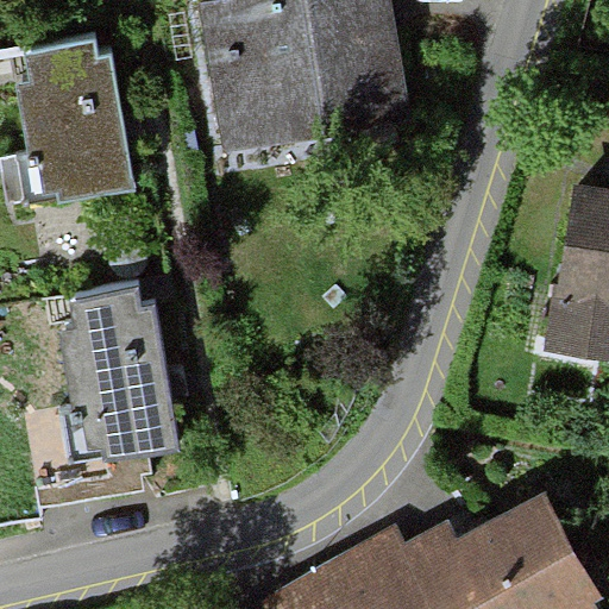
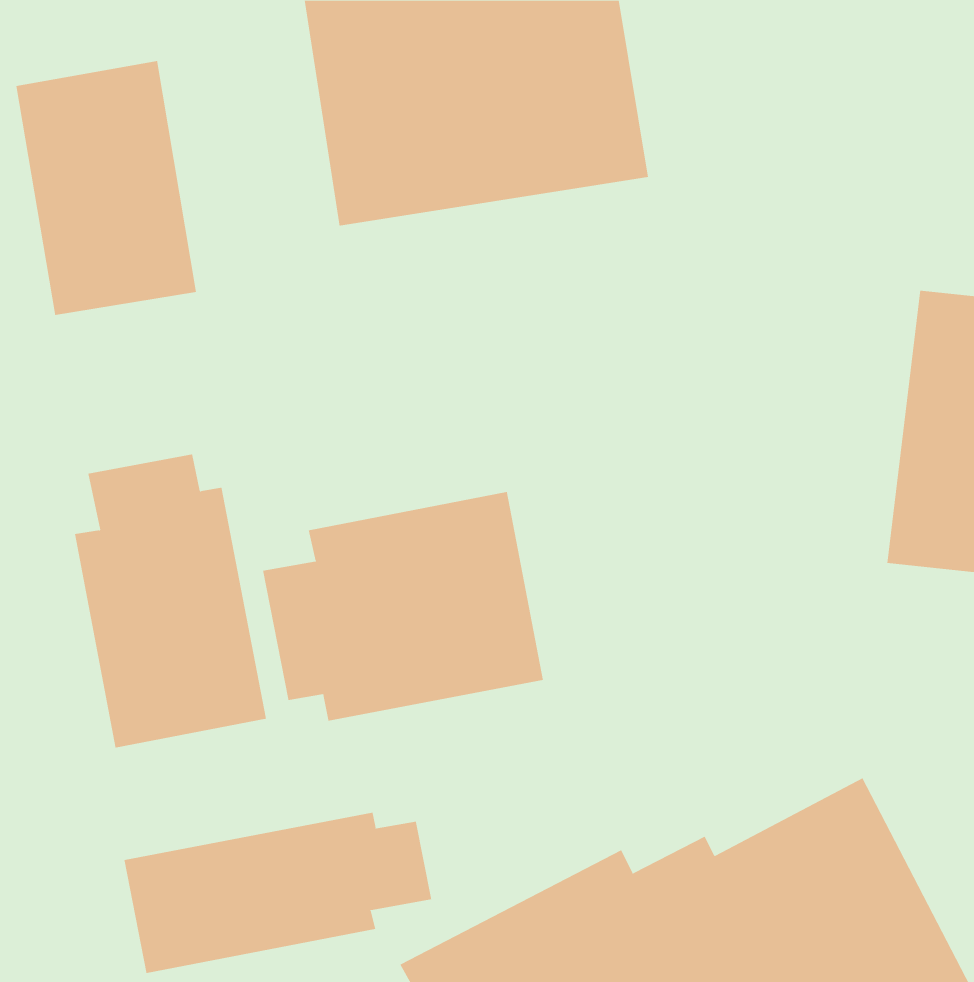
building: none -> [262,491,544,721]
building: none -> [124,812,432,974]

